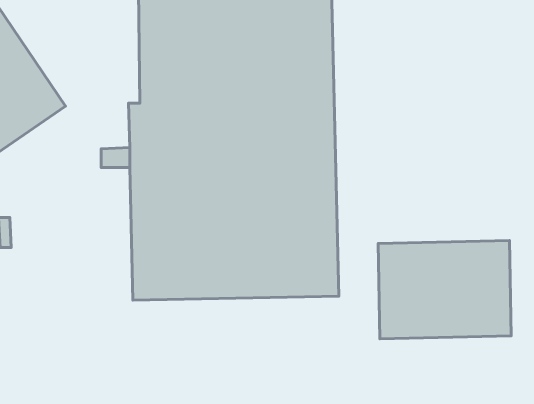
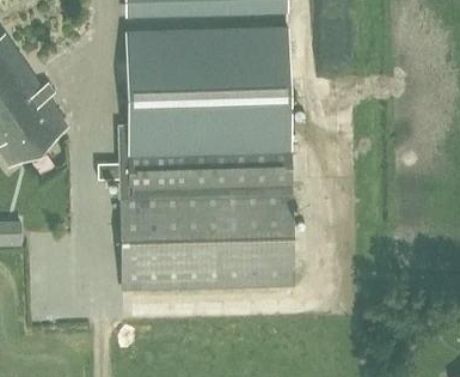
building: [378,241,511,339] -> none

